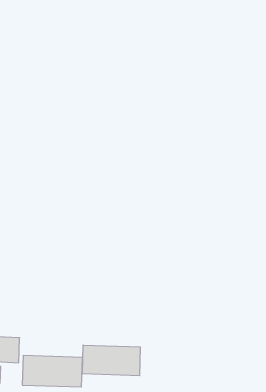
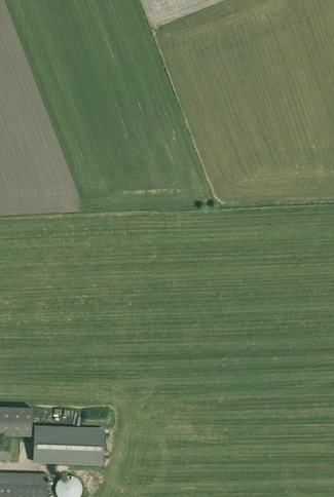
building: [82,345,140,376] -> none

